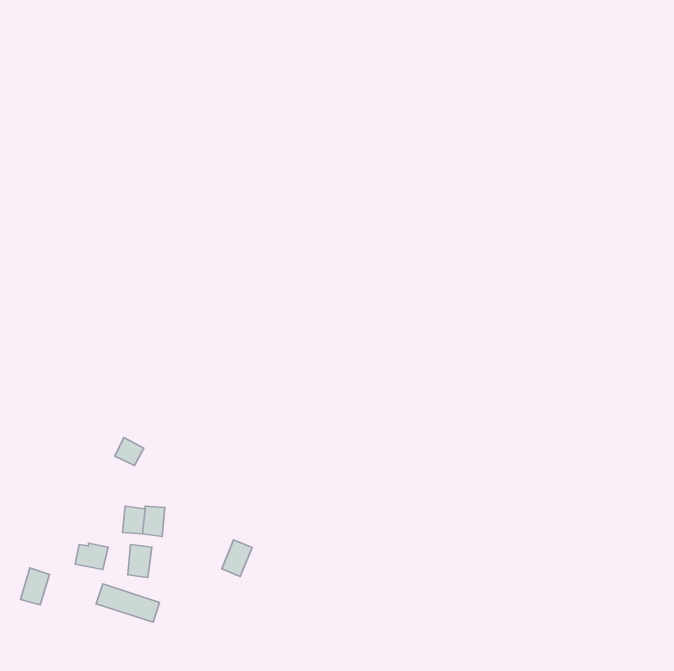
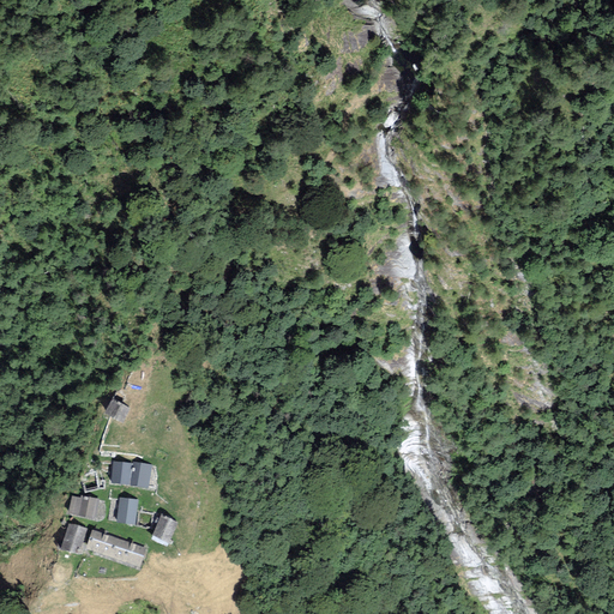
building: [222,540,252,577] -> [150,513,177,547]
building: [20,568,49,605] -> [60,522,86,555]

